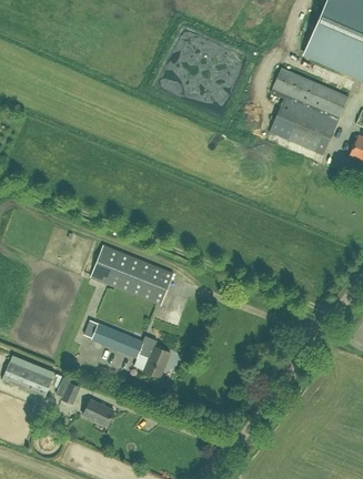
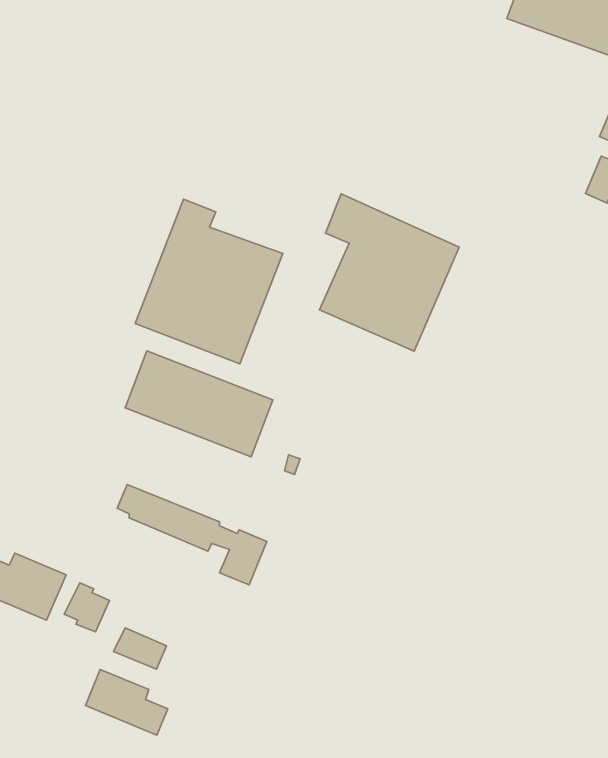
building: [270,67,349,155] -> [320,194,459,351]
building: none -> [135,199,283,364]
building: none -> [86,669,168,735]

